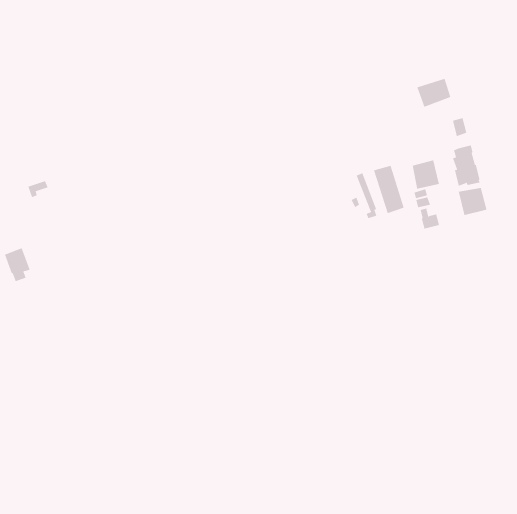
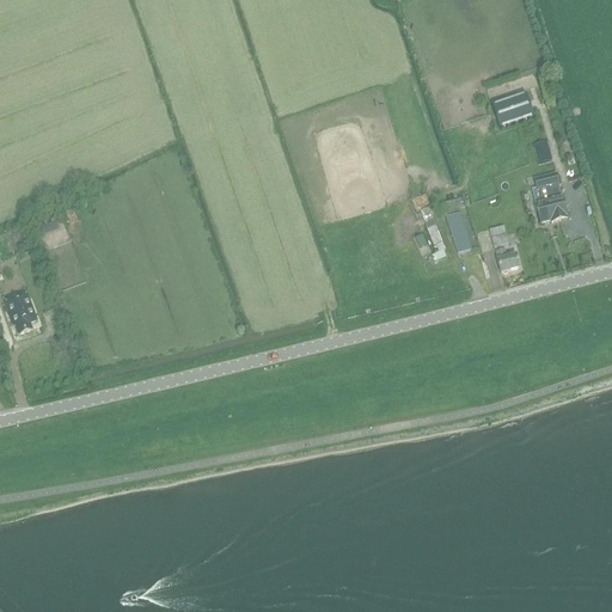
building: [412,160,440,190] -> none
building: [458,187,487,216] -> none

